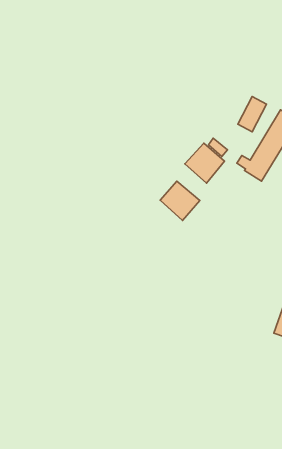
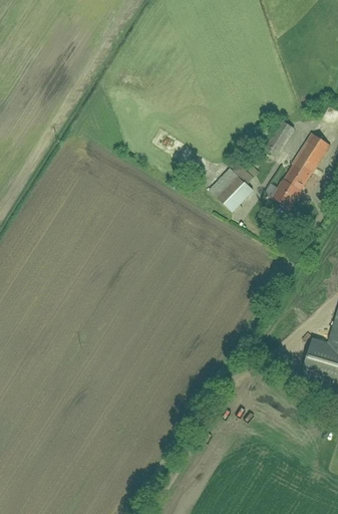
building: [160,181,200,221] -> none

